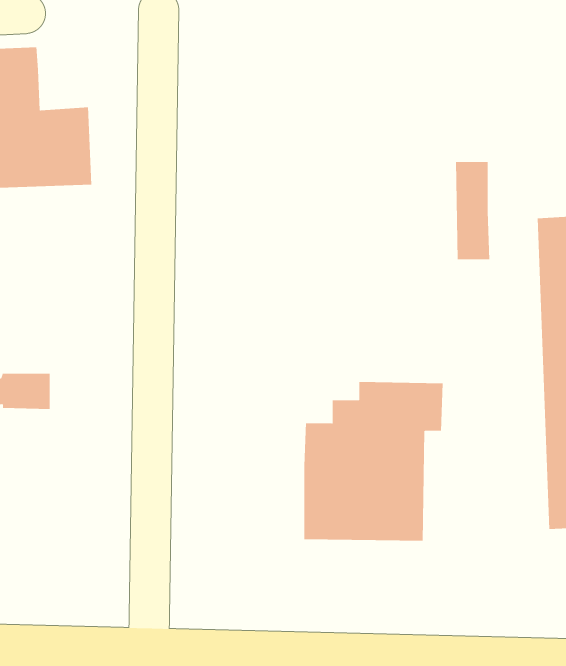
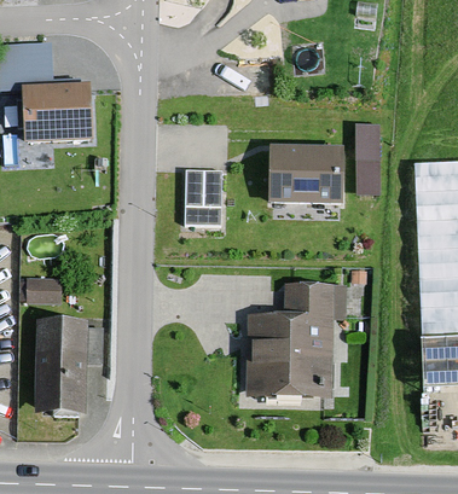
building: none -> [268,144,344,204]
building: none -> [185,168,222,223]
building: none -> [35,319,104,413]

